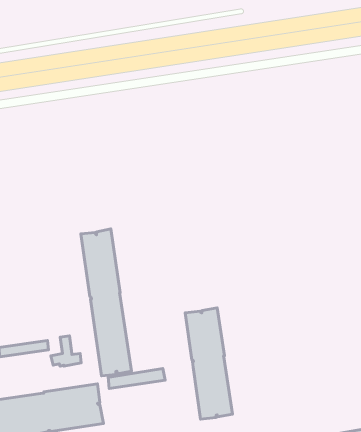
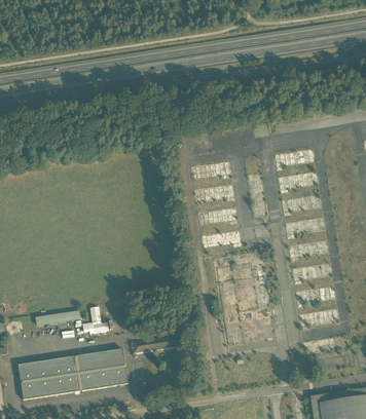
building: [81,229,131,376] -> none
building: [185,308,233,419] -> none

